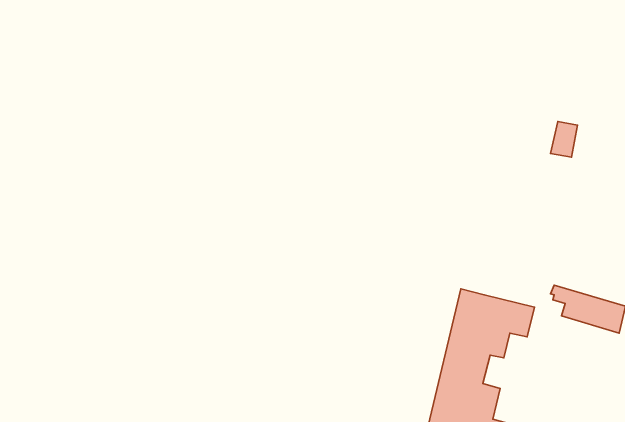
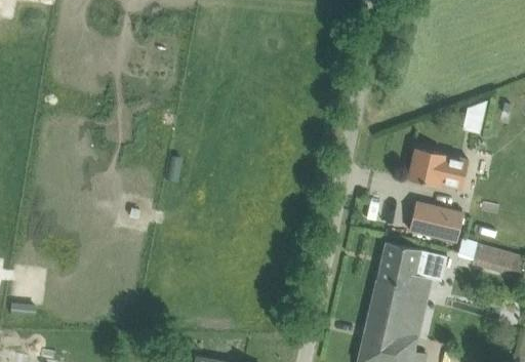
building: none -> [408,148,468,189]
building: none -> [409,202,463,241]

